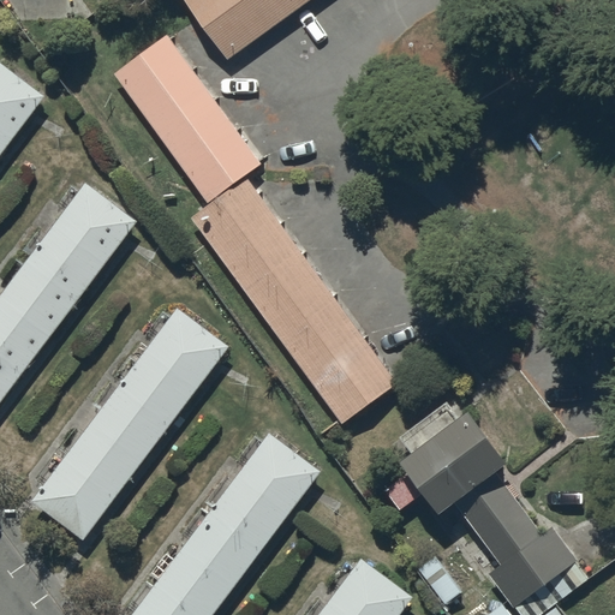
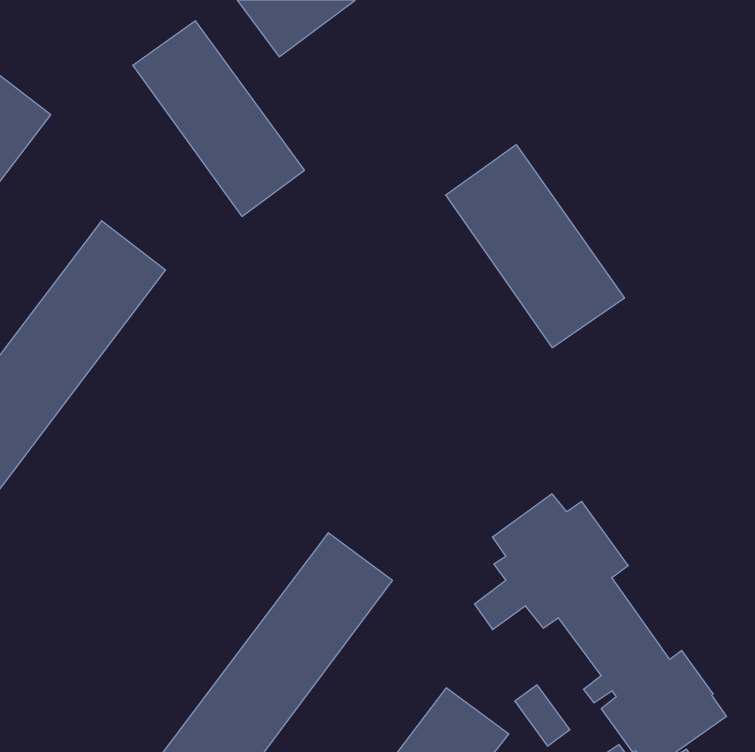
building: none -> [446,145,624,348]
building: [190,167,390,411] -> none
building: [28,311,226,544] -> none

